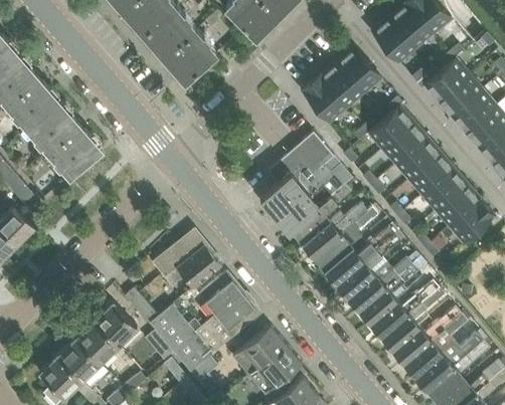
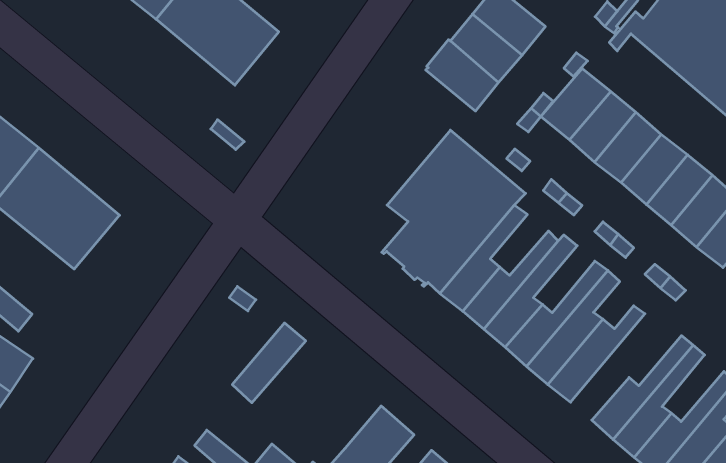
building: [163,246,219,289] -> none
building: [357,264,417,324] -> none
building: [198,273,241,316] -> none

